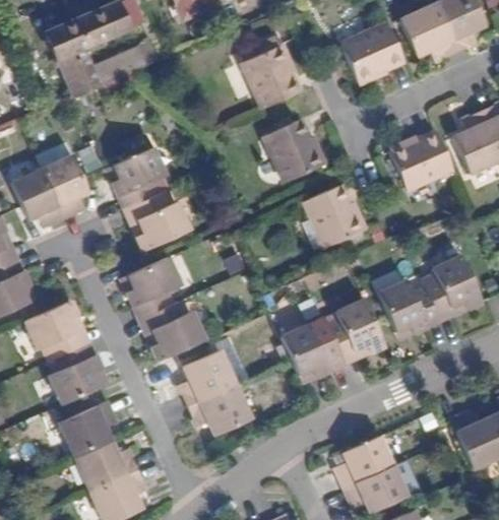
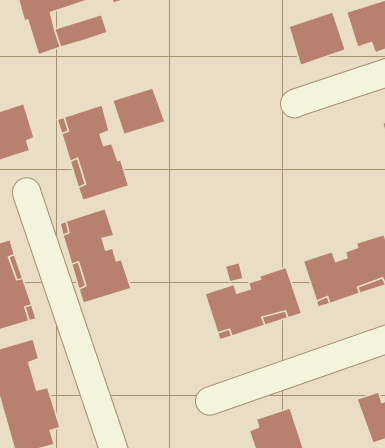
building: [242,43,304,108] -> none
building: [266,118,324,179] -> none
building: none -> [113,88,165,135]
building: [386,130,450,189] -> none
building: [306,183,365,246] -> none
building: [177,346,249,431] -> none

